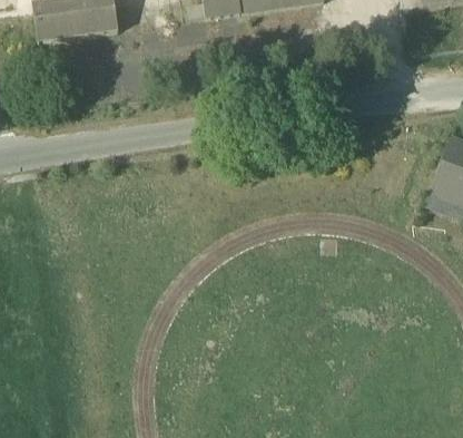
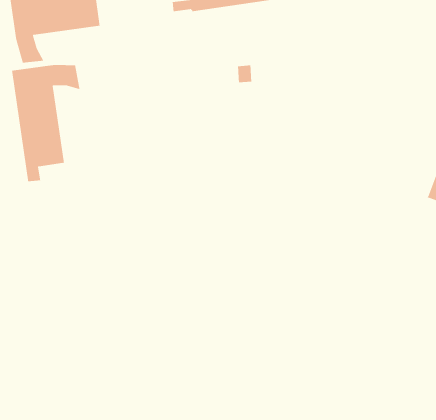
building: none -> [11,64,80,182]

